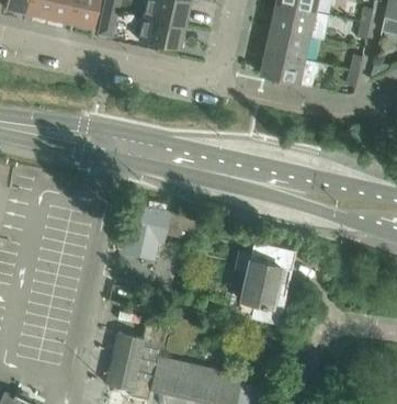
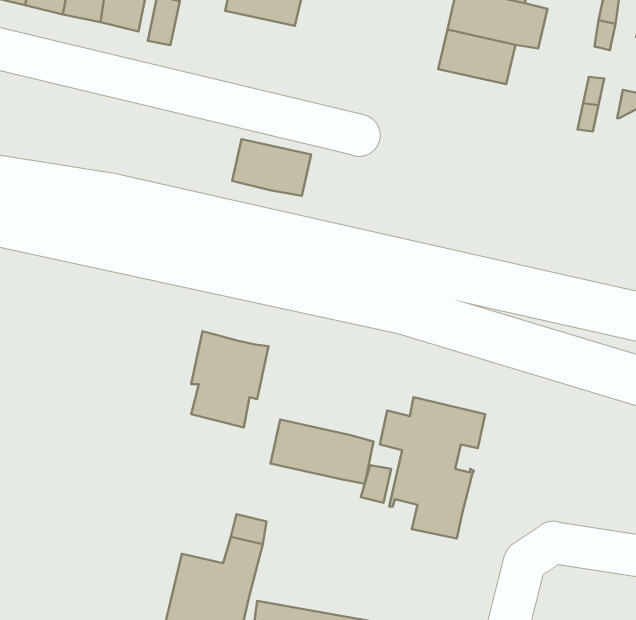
building: [137,16,183,49] -> [232,139,311,196]
building: [261,50,319,87] -> none
building: none -> [270,419,373,484]

